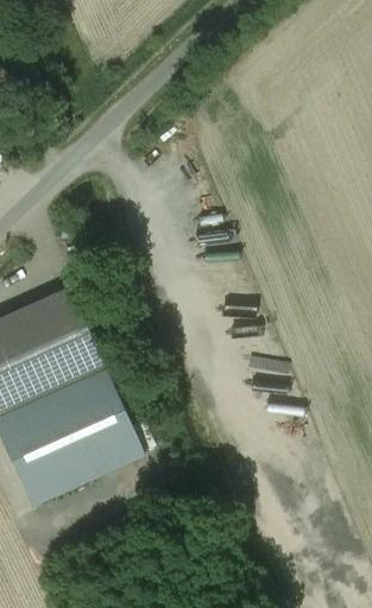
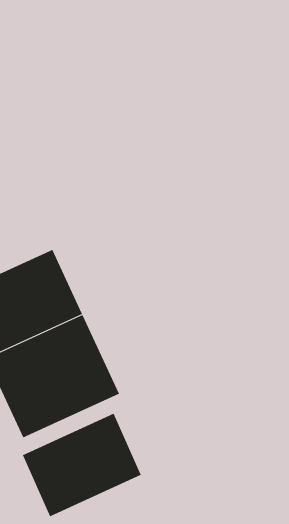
building: none -> [22,413,142,517]

